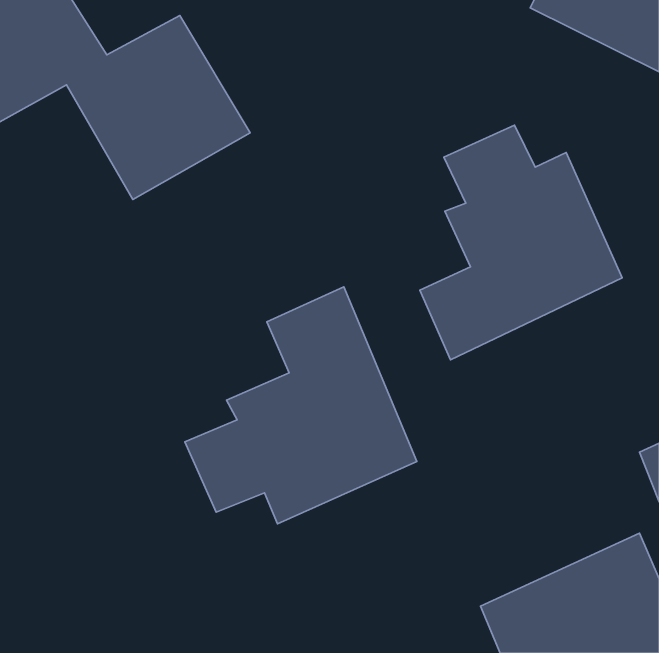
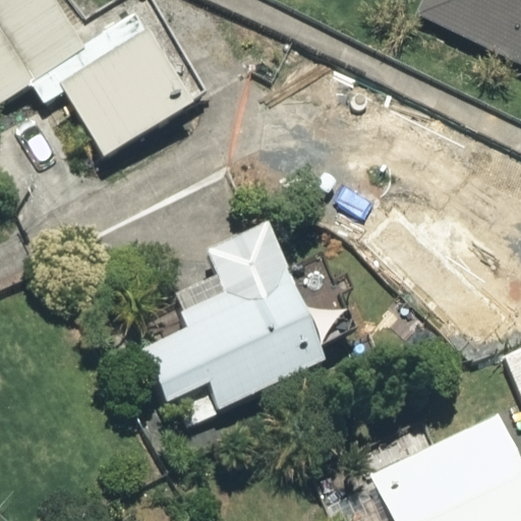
building: [420,125,622,360] -> none

